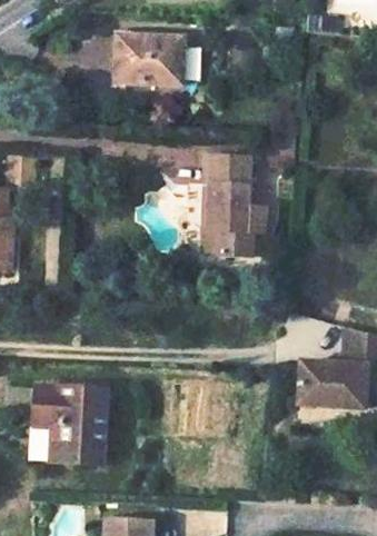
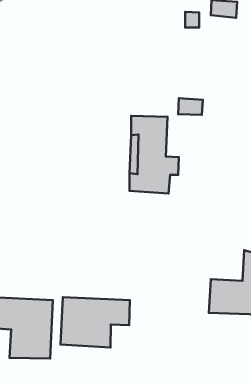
building: [116,34,181,83] -> none
building: none -> [61,297,130,347]

